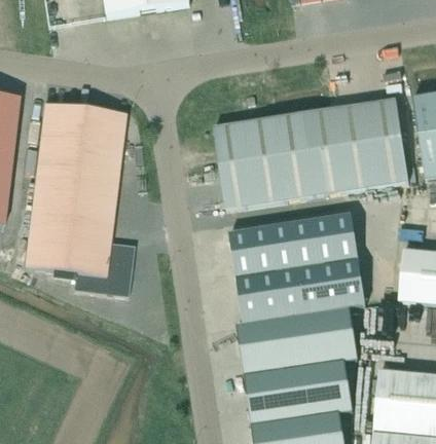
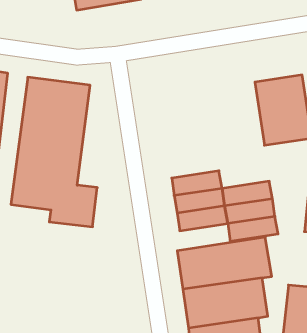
building: [213,108,349,208] -> none
building: [290,213,355,245] -> none
building: [240,290,304,322] -> none

